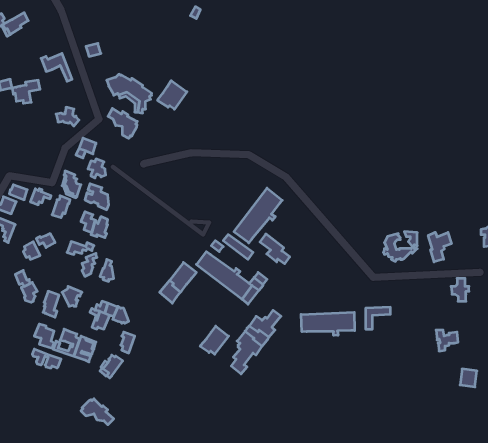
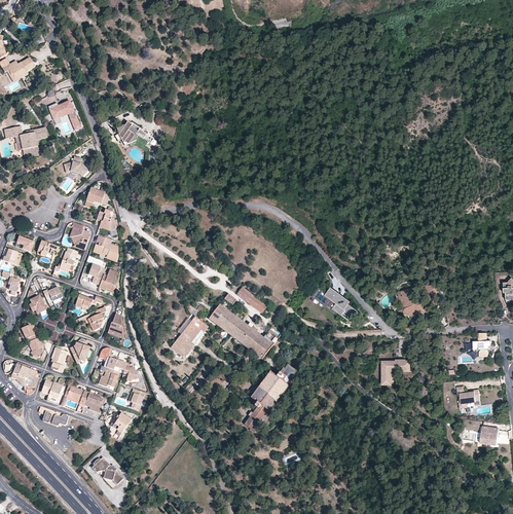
building: [158,81,187,109] -> none
building: [108,108,137,138] -> none
building: [234,188,282,243] -> none
building: [428,232,451,262] -> none
building: [260,234,290,264] -> [325,287,356,318]
building: none -> [10,363,35,389]
building: [301,312,355,335] -> none
building: [200,326,229,354] -> none

